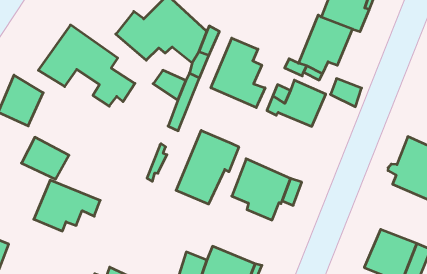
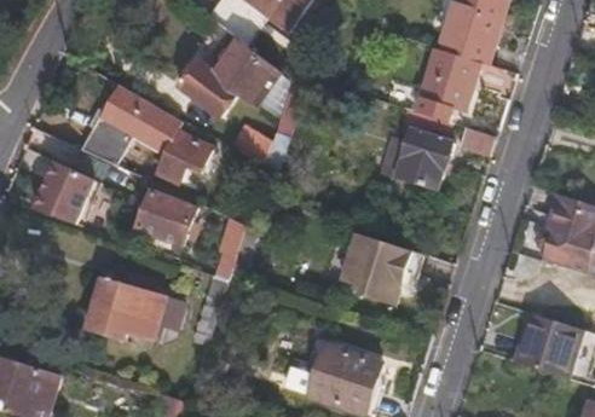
building: [211,38,265,108] -> none
building: [176,130,239,204] -> none
building: [21,137,69,179] -> [141,190,201,241]

